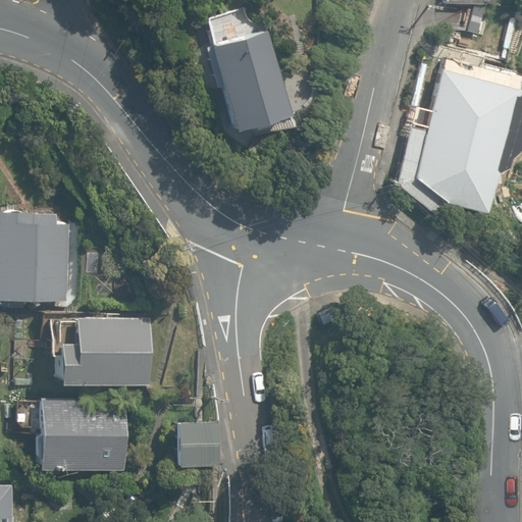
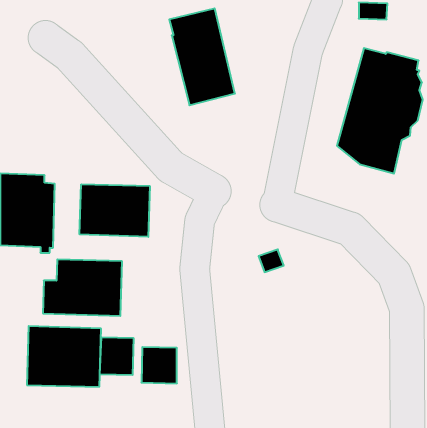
building: none -> [80,184,150,237]
building: none -> [100,337,133,375]

